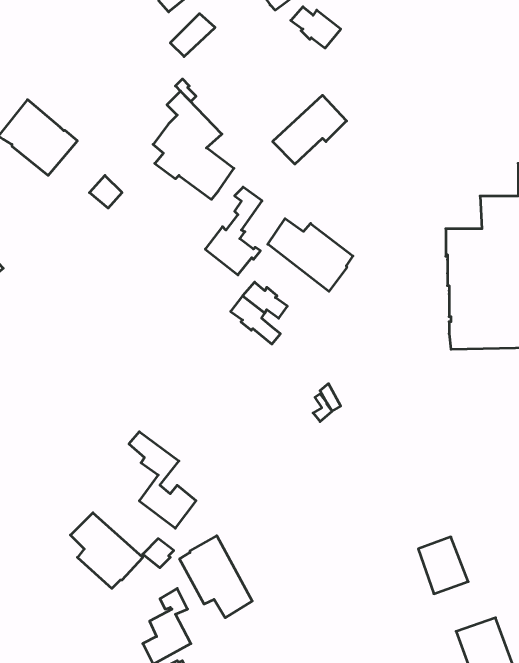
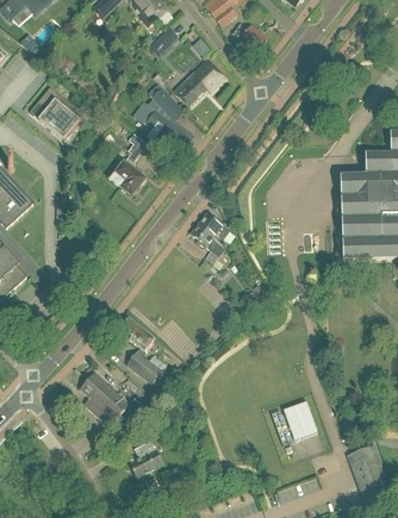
building: [273,95,347,164] -> [173,58,224,106]
building: [205,187,262,275] -> [108,132,148,193]
building: [268,219,353,291] -> none
building: [180,536,252,618] -> none
building: [418,537,468,594] -> [284,400,318,439]

